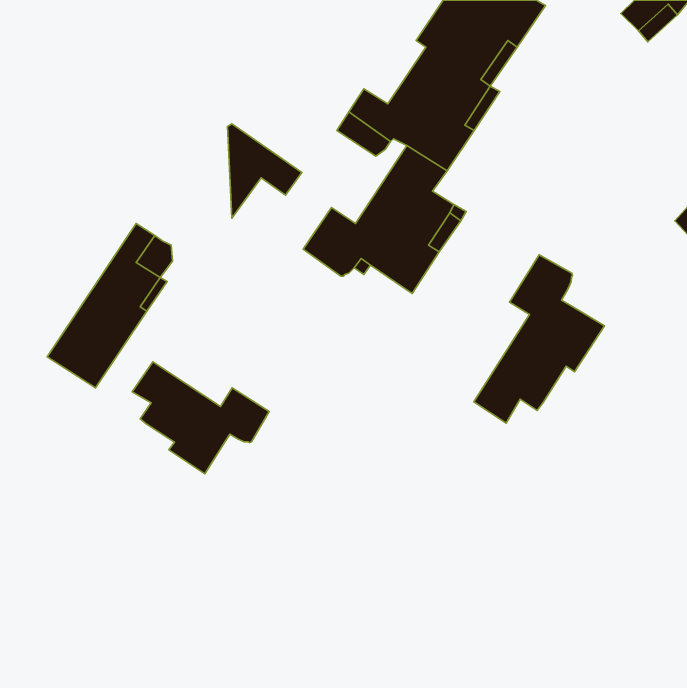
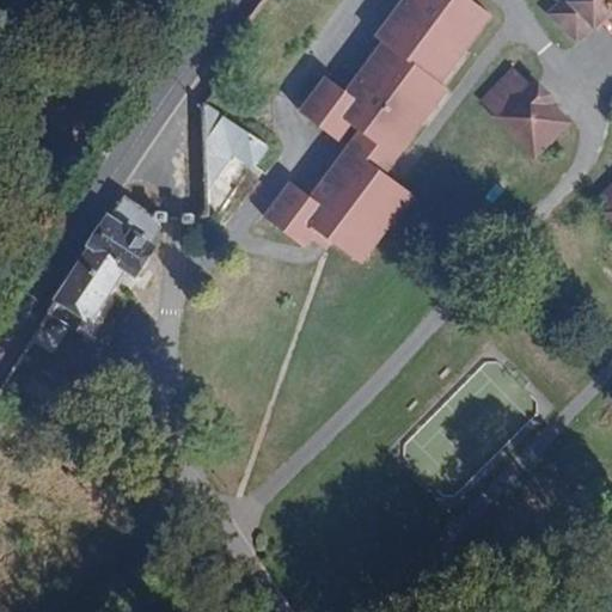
building: none -> [481,72,563,153]
building: [474,255,604,423] -> none
building: [132,362,269,474] -> none

